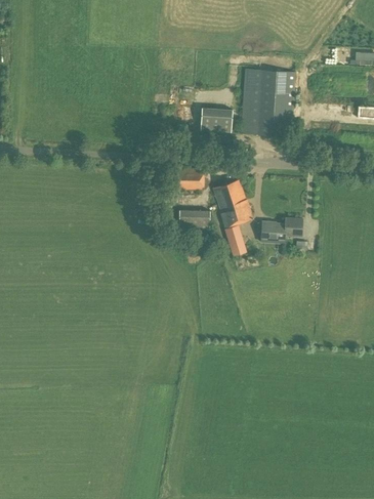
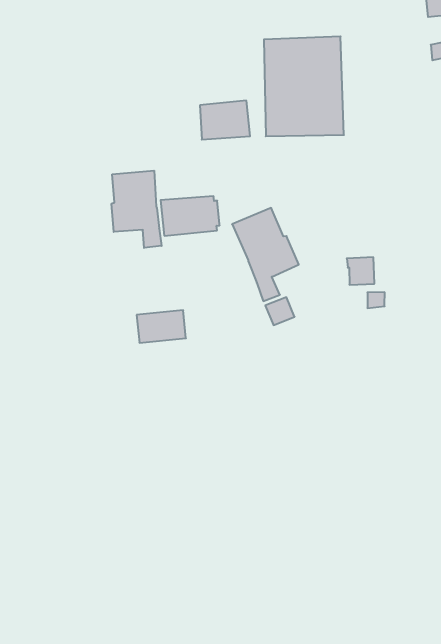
building: none -> [112,171,162,248]
building: [177,210,208,228] -> [137,310,186,343]
building: [258,221,287,243] -> none

